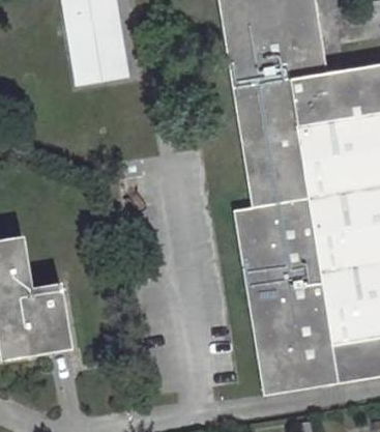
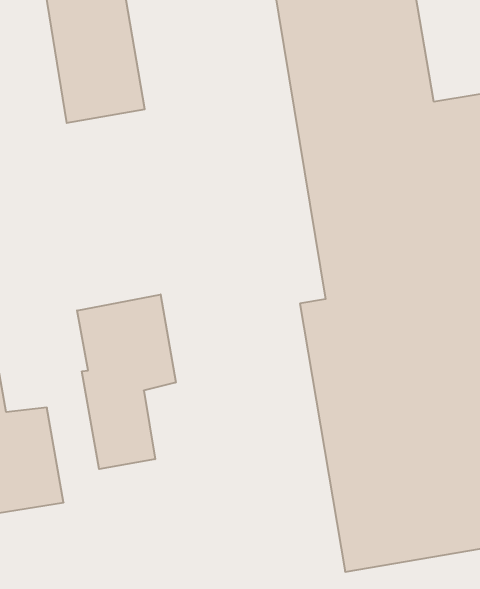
building: none -> [77,294,176,469]

